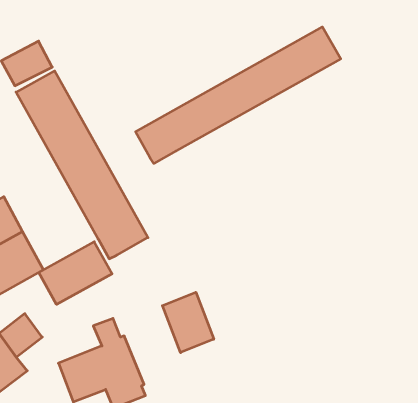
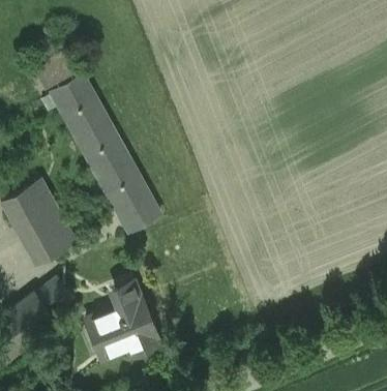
building: [136,27,341,163] -> none
building: [39,242,112,304] -> none
building: [162,292,214,353] -> none

